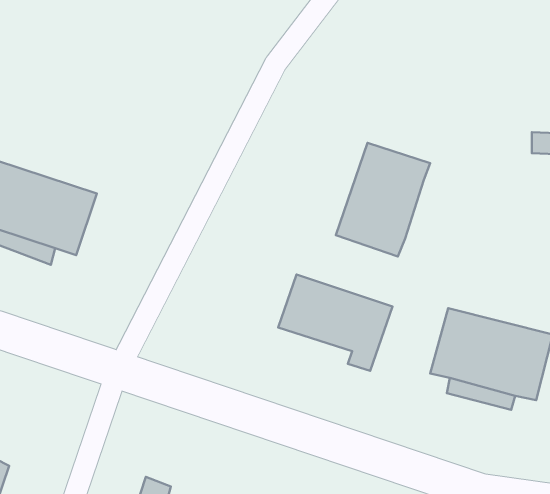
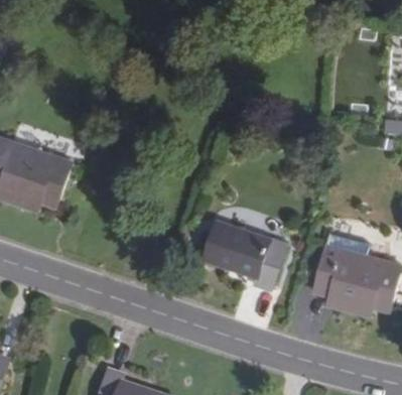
building: [336,143,430,256] -> none

